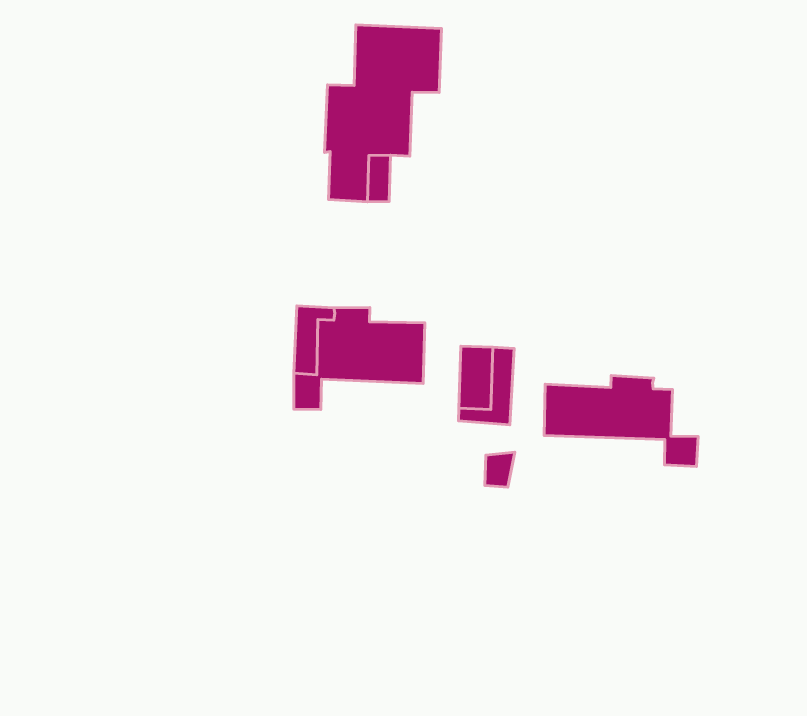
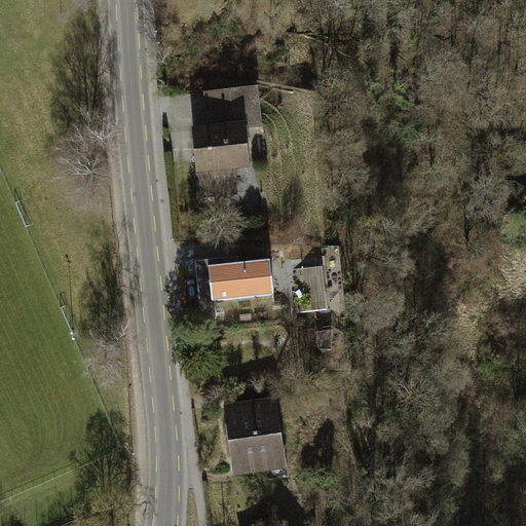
building: [544,375,698,467] -> none
building: none -> [229,405,280,466]

